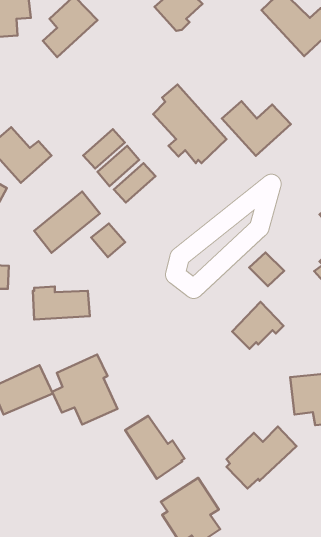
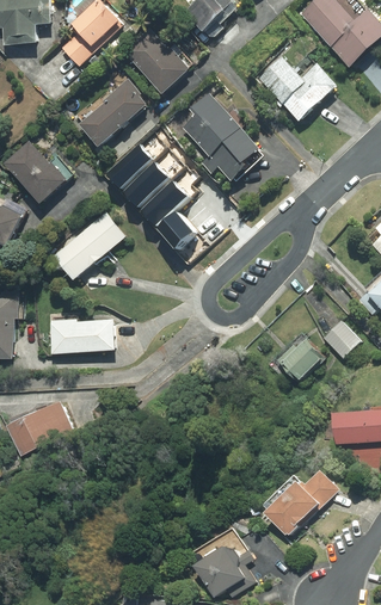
building: none -> [123,27,192,92]
building: none -> [79,80,145,146]
building: [222,101,291,156] -> [260,60,336,119]
building: [91,223,125,257] -> [155,211,192,248]
building: [249,252,284,286] -> [322,322,361,359]
building: [52,354,118,424] -> none
building: [125,416,184,479] -> none

